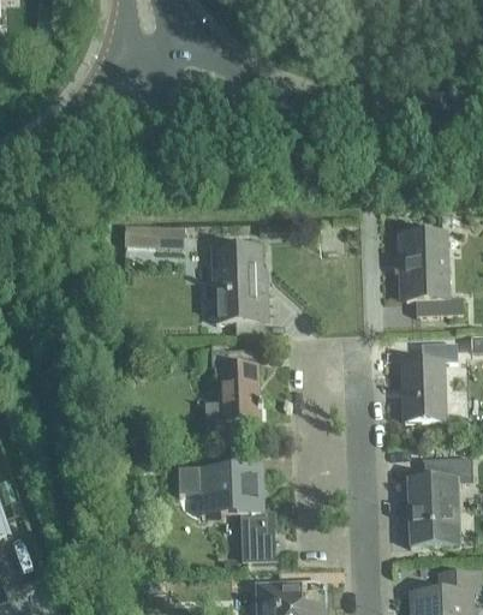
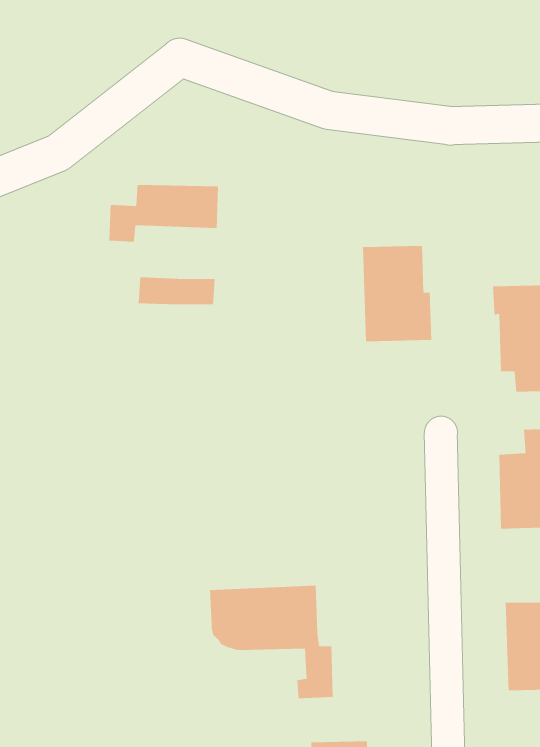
building: none -> [109,184,219,242]
building: [213,245,267,320] -> [362,245,432,342]
building: [207,348,261,431] -> none

